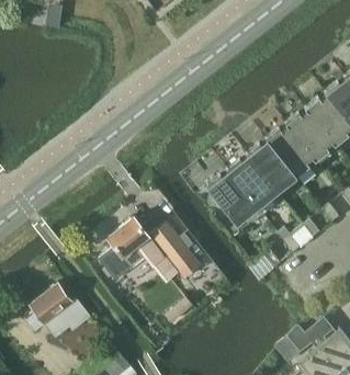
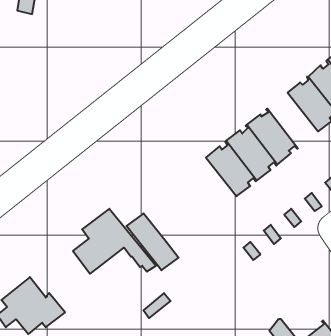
building: [287,107,337,161] -> none
building: [207,170,258,224] -> none

